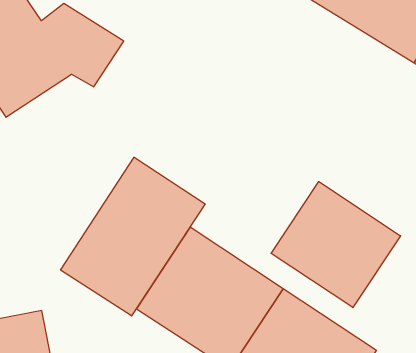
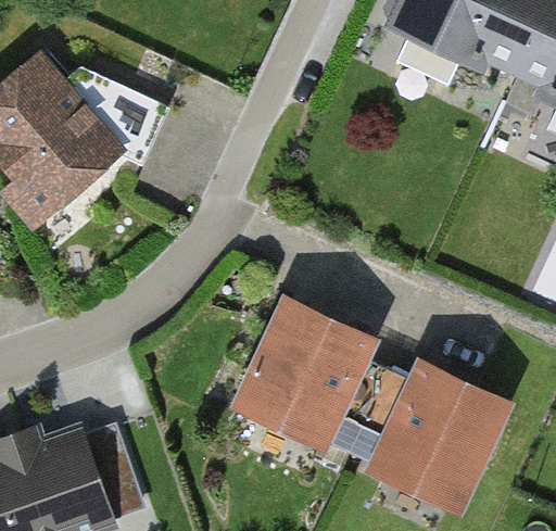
building: [61,157,205,316] -> none
building: [271,182,401,308] -> none

